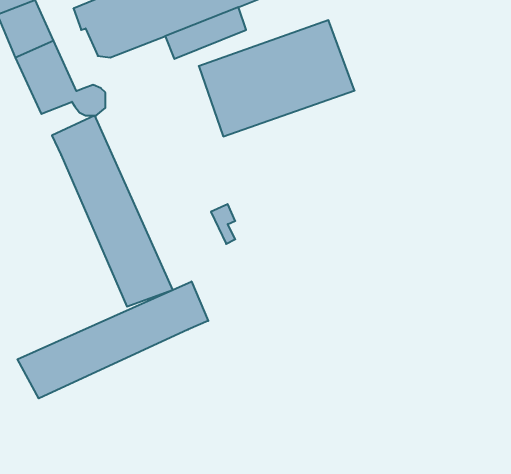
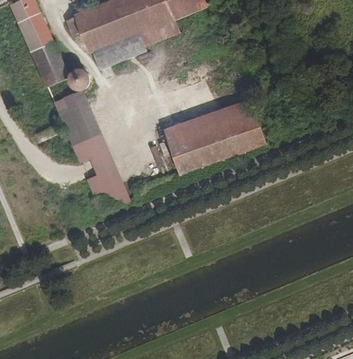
building: [199,20,355,136] -> [163,99,265,175]
building: none -> [88,35,130,64]
building: [17,281,208,398] -> none

